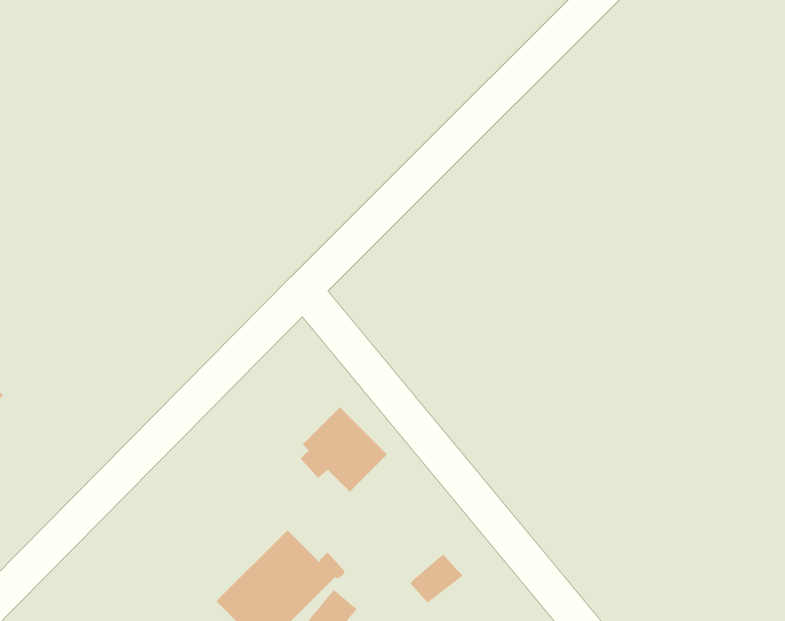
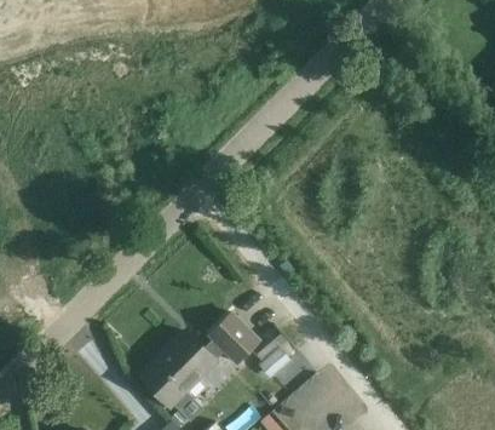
building: [300,407,388,492] -> [207,314,260,366]

